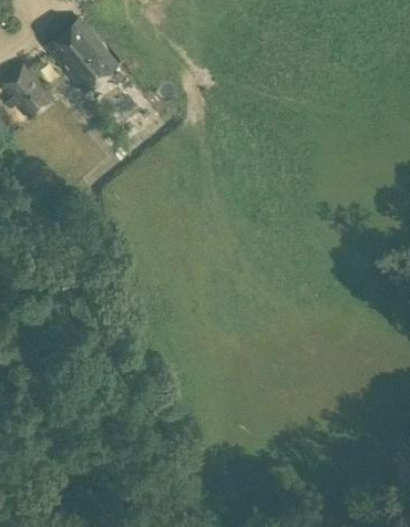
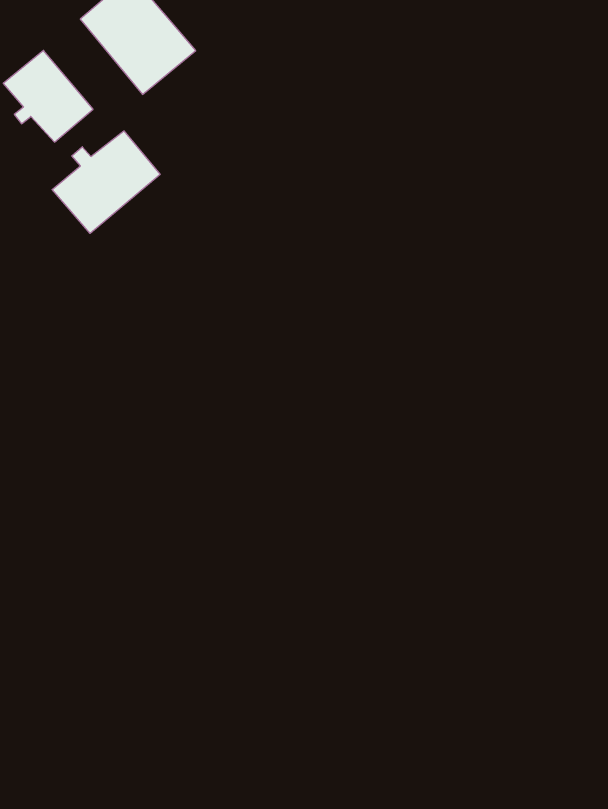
building: none -> [52,131,160,233]

